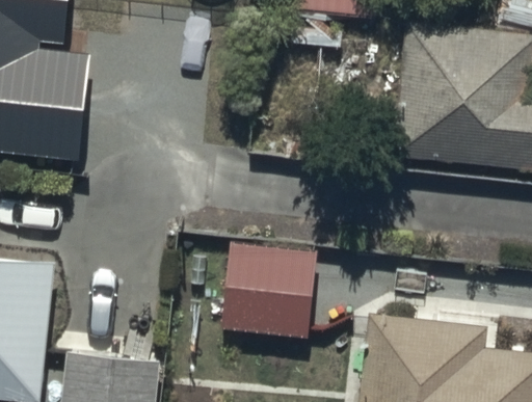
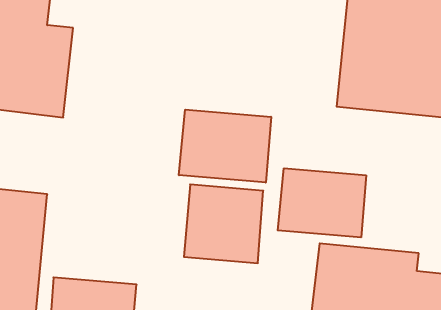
building: none -> [179,110,271,183]
building: none -> [278,168,366,237]

